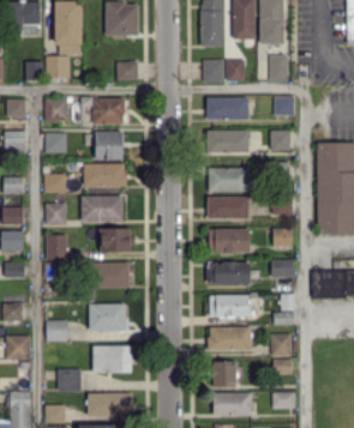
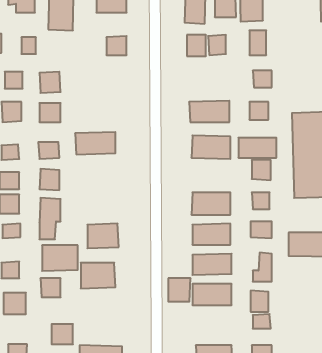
building: [46,55,70,77] -> none
building: [92,97,125,125] -> none
building: [206,97,248,120] -> none
building: [94,131,122,159] -> none
building: [80,195,122,222] -> none
building: [208,197,248,218] -> [238,138,276,158]
building: [100,228,130,252] -> none
building: [92,345,131,373] -> [42,245,78,271]
building: [212,361,236,386] -> [168,278,191,302]

